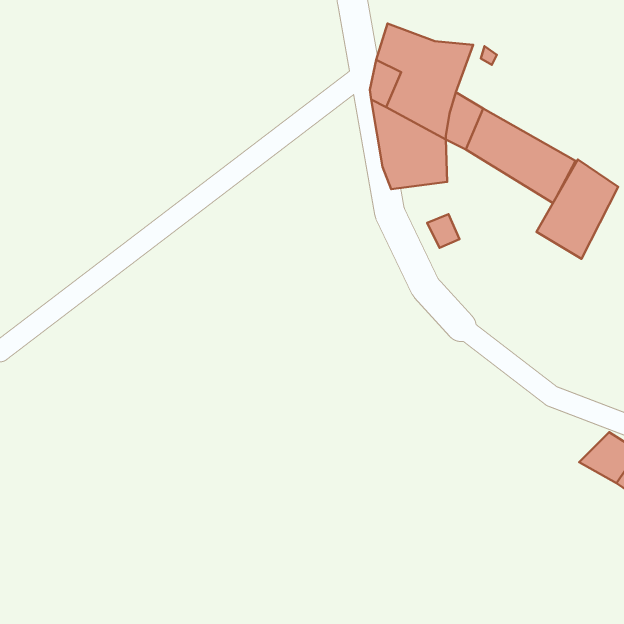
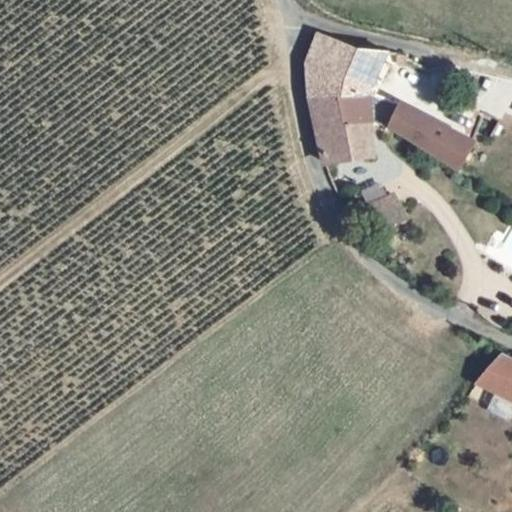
building: [537,159,618,259] -> none

